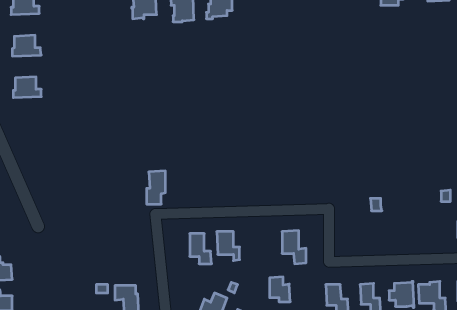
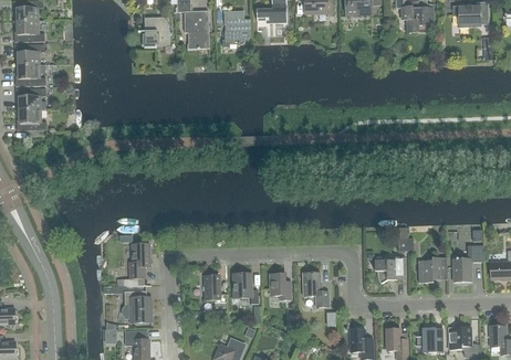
building: none -> [14,43,44,65]
building: none -> [15,87,46,109]
building: [147,171,165,204] -> [129,243,149,278]
building: none -> [453,245,484,282]
building: none -> [375,257,406,284]
building: none -> [418,257,447,283]
building: none -> [122,290,152,321]
building: [270,277,290,302] -> [270,273,292,299]

